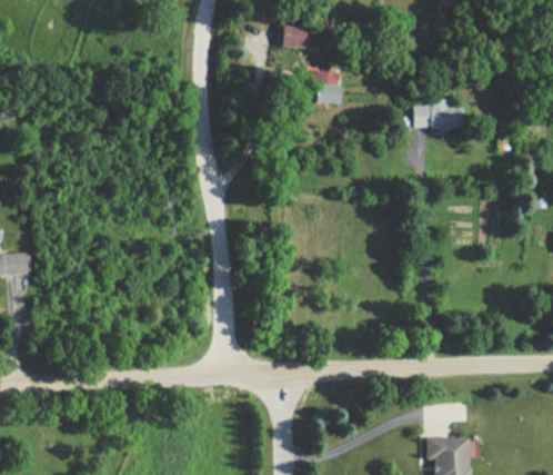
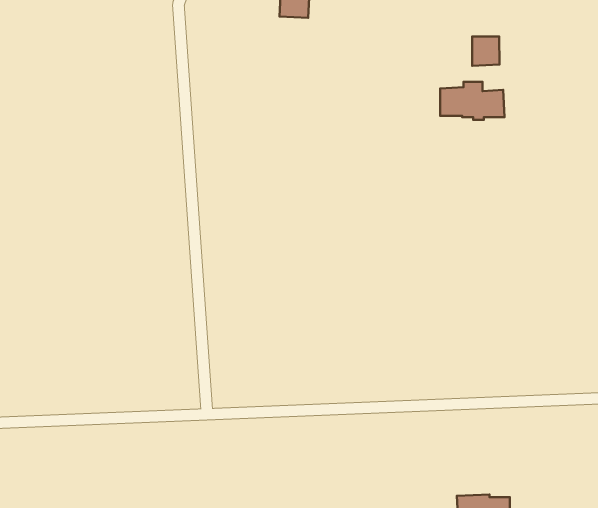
building: none -> [472,37,499,66]
building: [310,71,342,105] -> none

